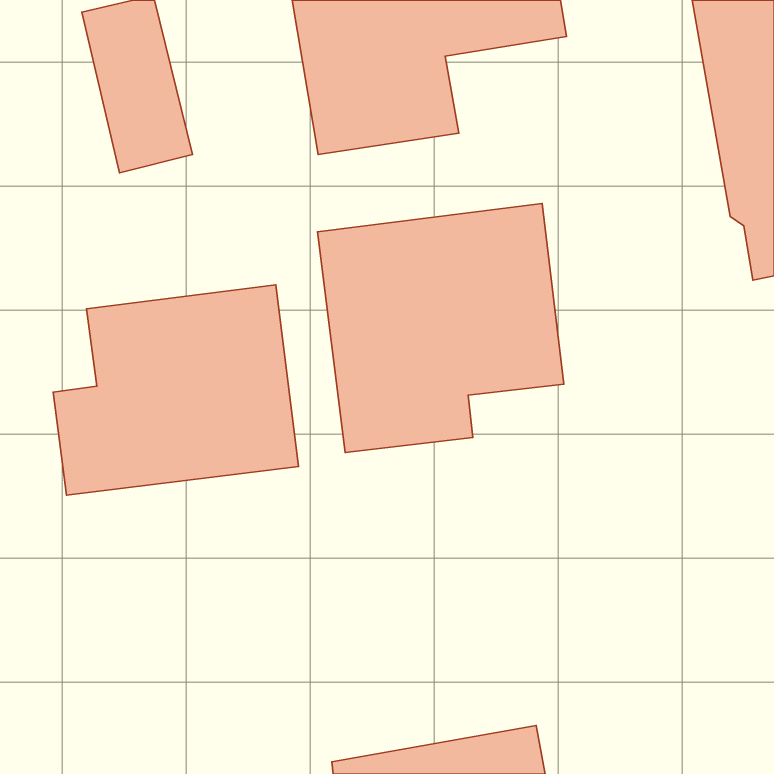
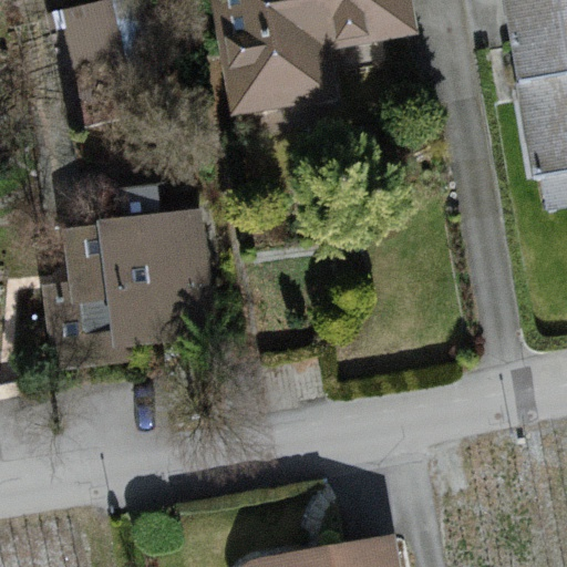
building: [317,204,564,453] -> none

